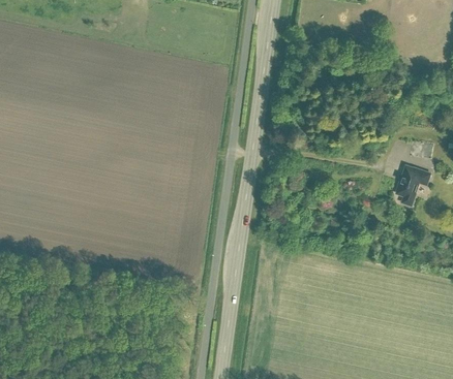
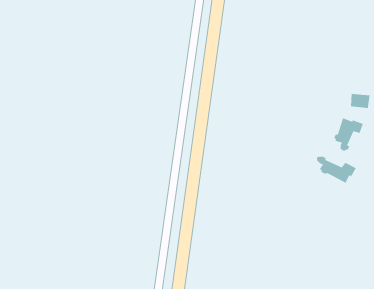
building: none -> [316,156,357,184]

